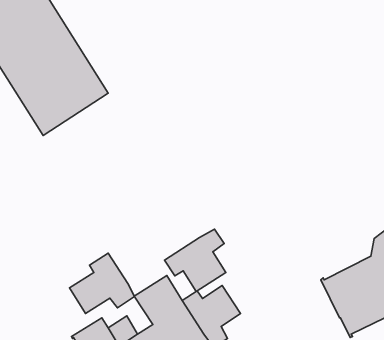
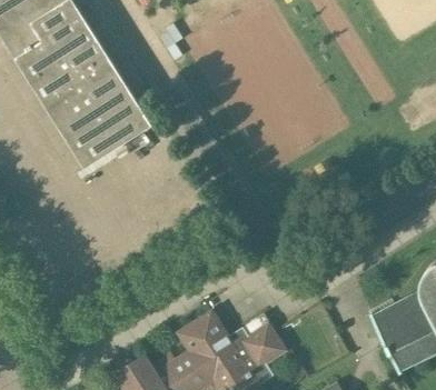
building: [165,229,226,292] -> none
building: [69,253,134,314] -> none

